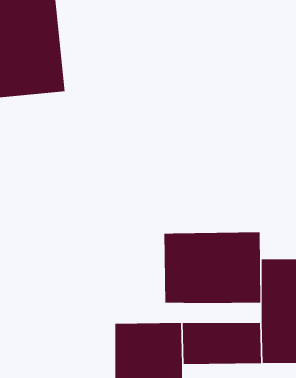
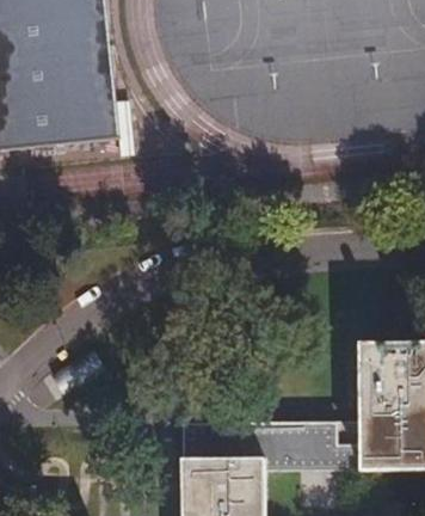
building: [164,232,261,304] -> none

